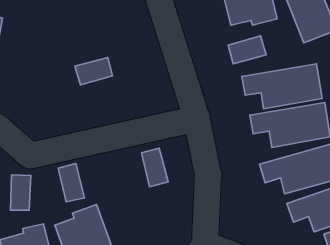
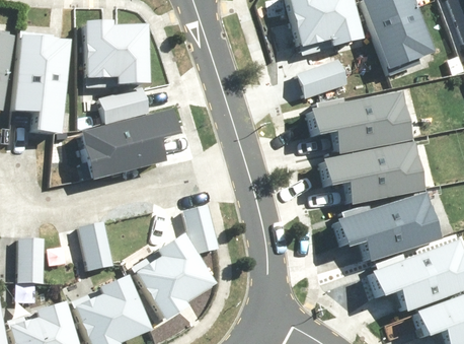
building: none -> [89,20,148,85]
building: none -> [20,37,66,132]
building: none -> [78,111,177,180]
building: none -> [131,233,208,320]

